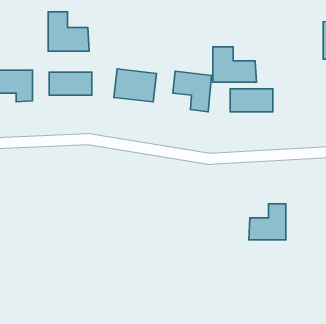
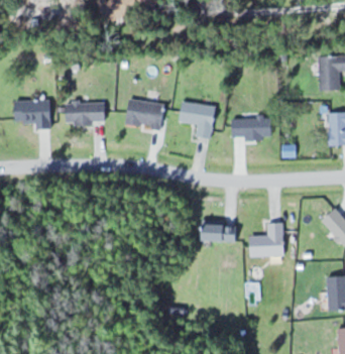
building: [48,12,89,51] -> none
building: [213,47,256,82] -> none
building: none -> [201,225,236,241]

